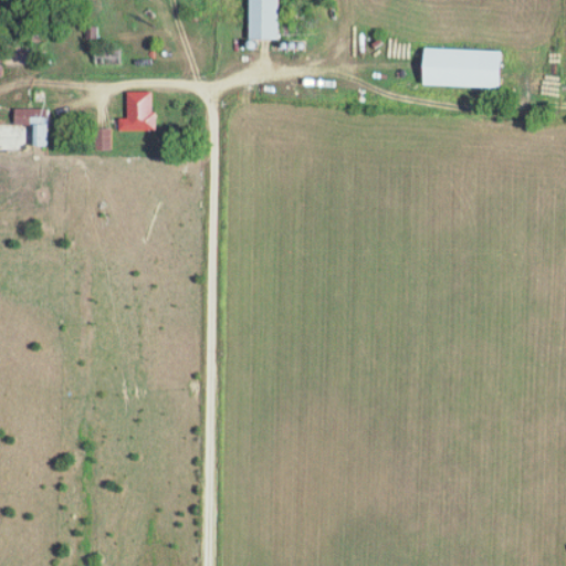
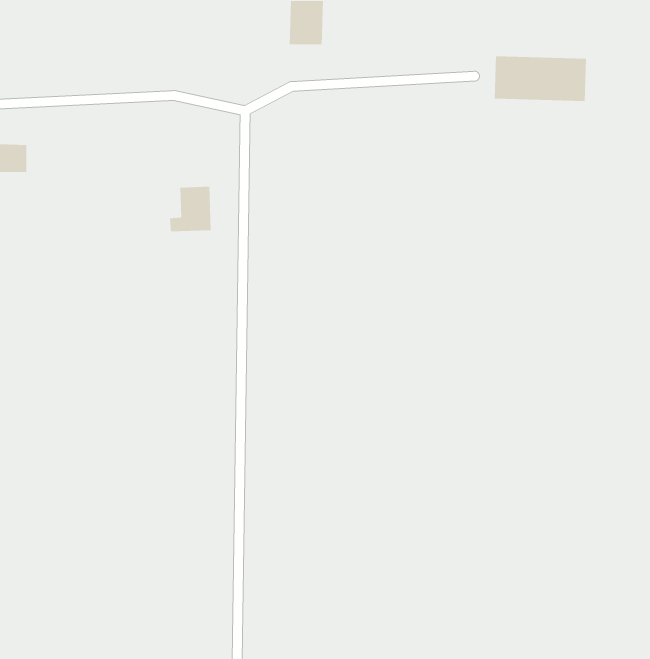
building: [116,91,153,130] -> [169,186,212,232]
building: [12,108,45,146] -> none

